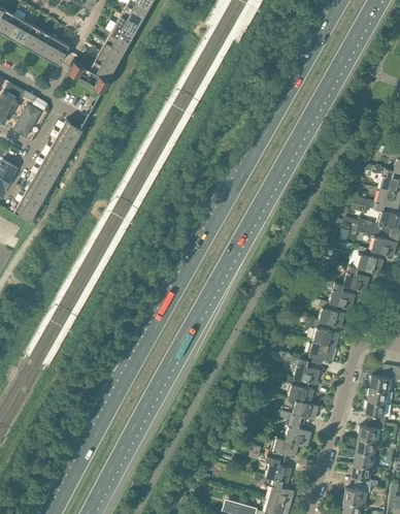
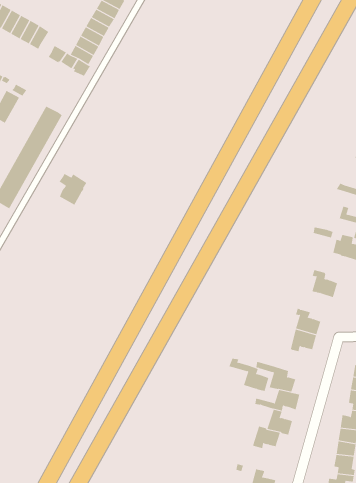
building: none -> [59,173,87,206]
building: [343,265,369,292] -> none
building: [319,300,345,327] -> none
building: [279,351,320,384] -> [229,358,269,391]
building: [266,456,292,483] -> none

